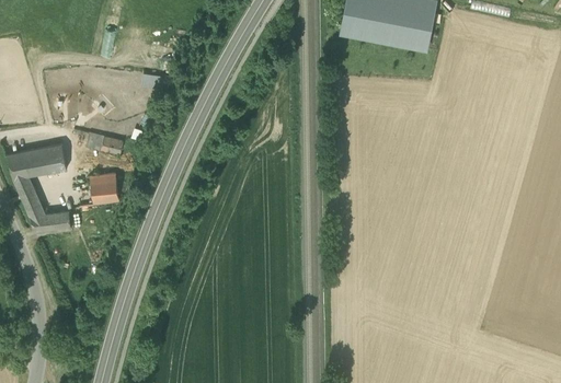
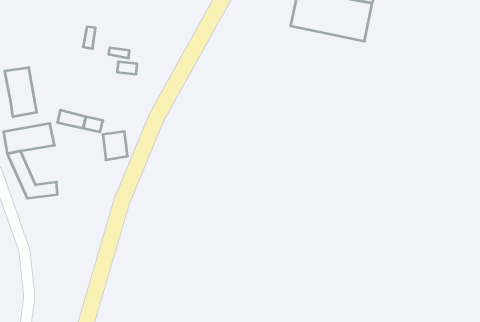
building: none -> [5,67,37,117]
building: [91,173,119,206] -> [103,132,128,160]

